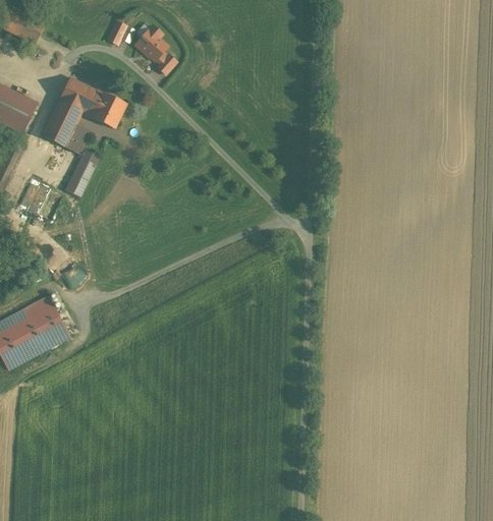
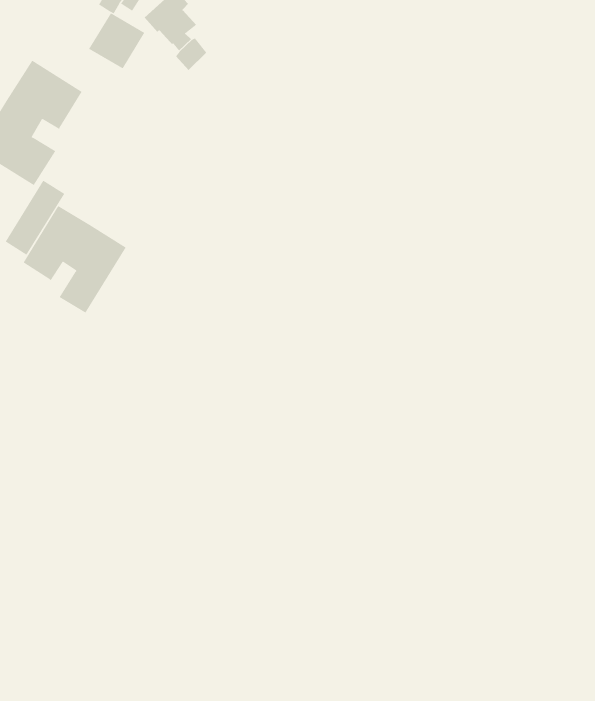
building: [92,94,125,127] -> [88,13,145,69]
building: none -> [23,205,127,313]

